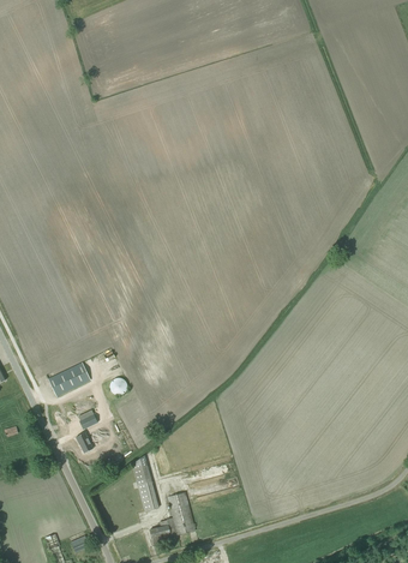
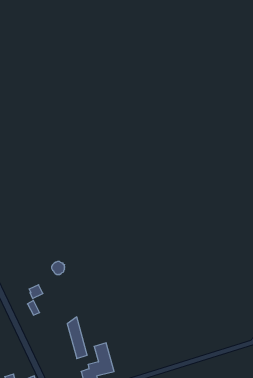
building: [48,361,91,395] -> none

